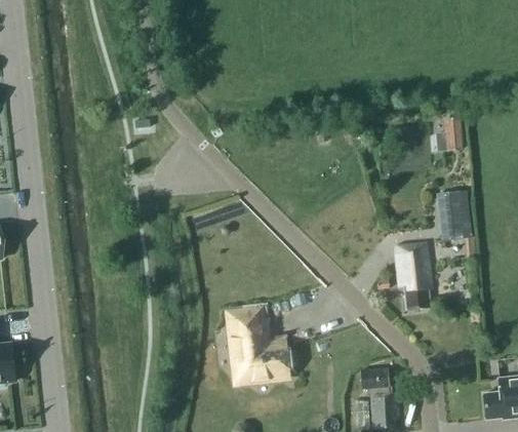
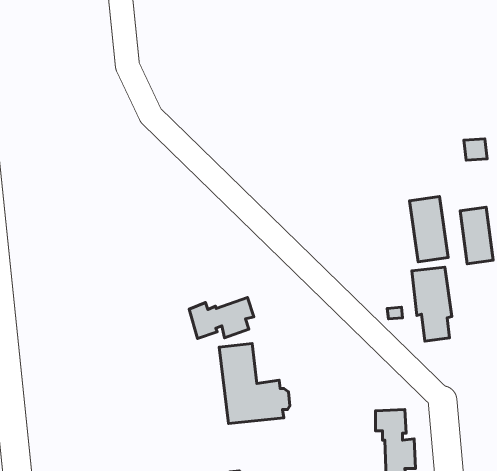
building: none -> [409,197,448,262]
building: none -> [189,297,254,338]

